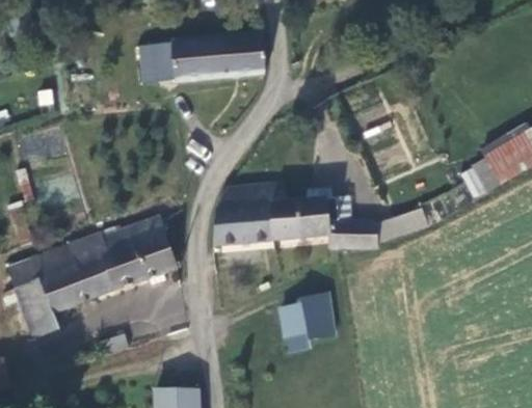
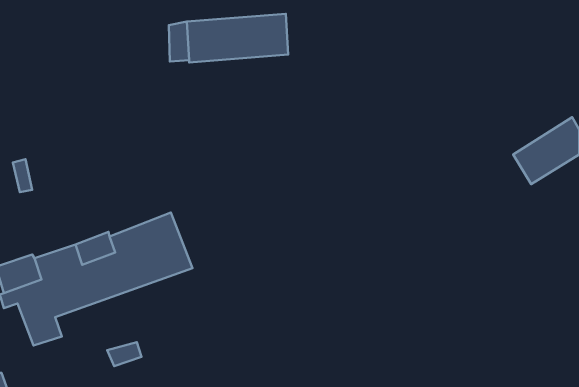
building: [215,186,427,248] -> none
building: [284,298,334,341] -> none

